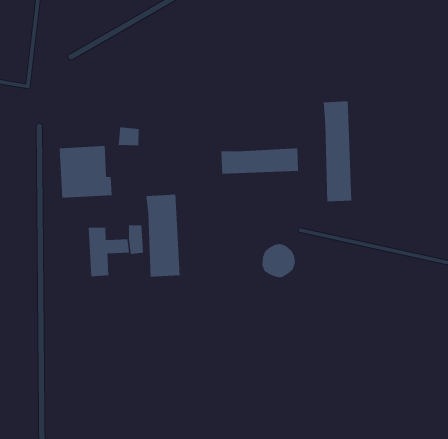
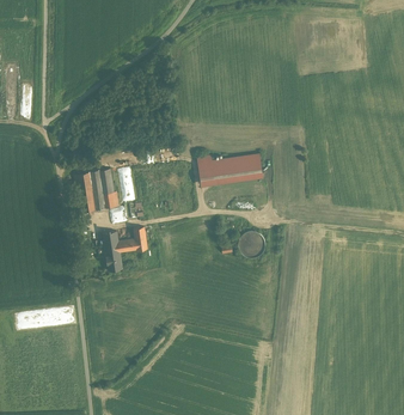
building: [323,101,352,202] -> none
building: [146,194,180,278] -> none

